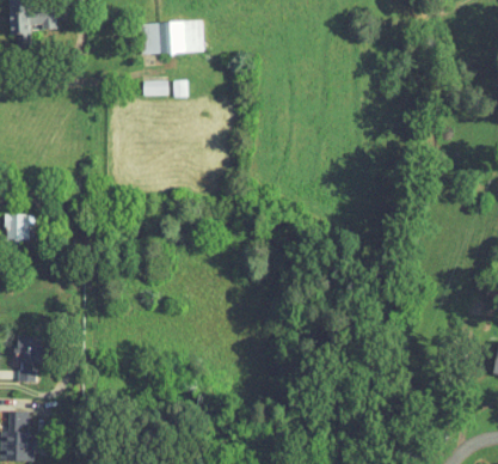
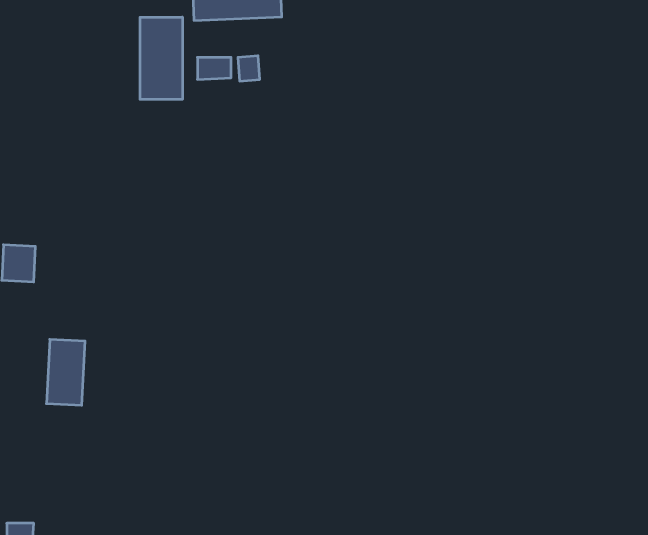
building: none -> [140,17,182,99]
building: [17,336,44,383] -> [46,339,85,405]

